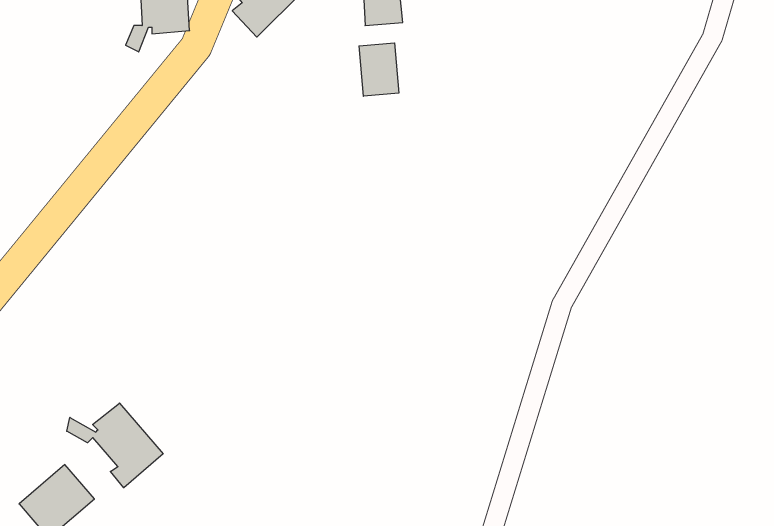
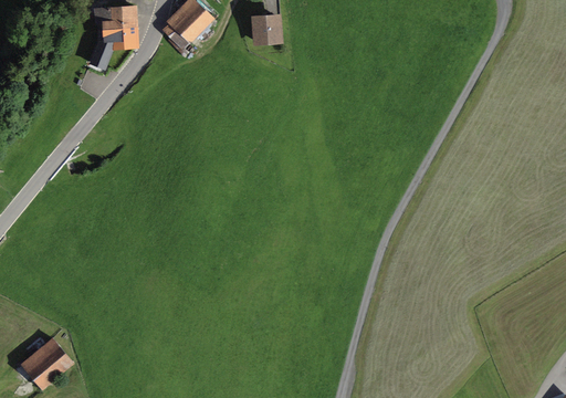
building: [359,43,399,96] -> none
building: [67,403,163,488] -> none

